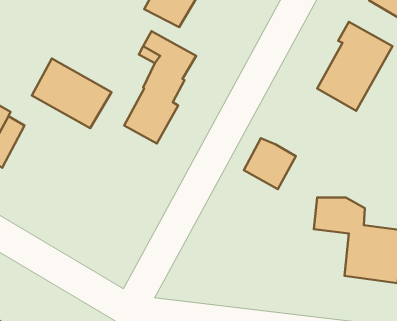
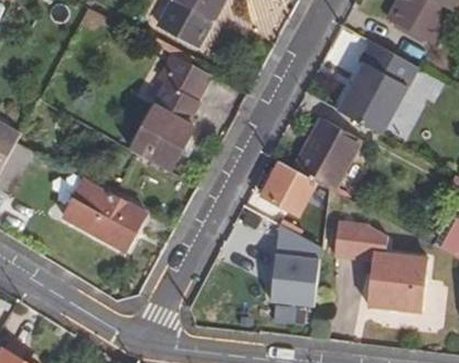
building: [32,58,111,128] -> [63,179,146,252]
building: none -> [295,120,361,191]
building: none -> [269,224,320,308]

